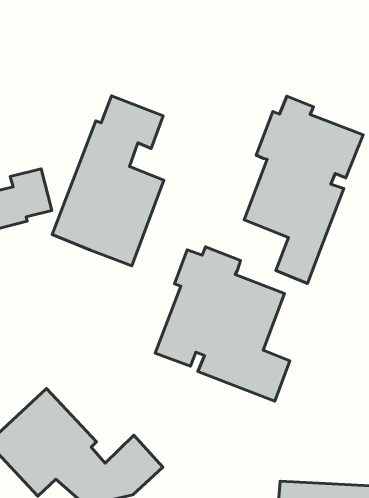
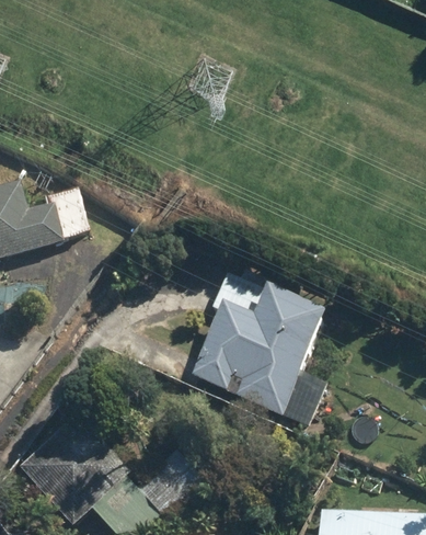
building: [52,96,164,266] -> none
building: [244,96,363,283] -> none

